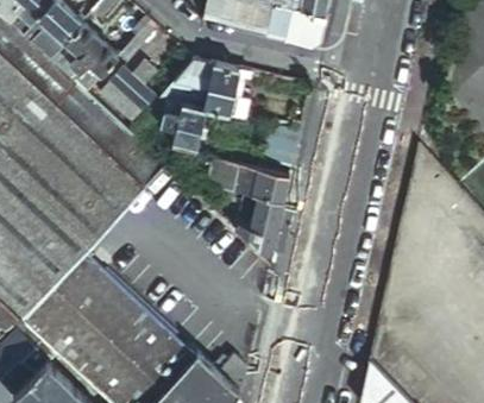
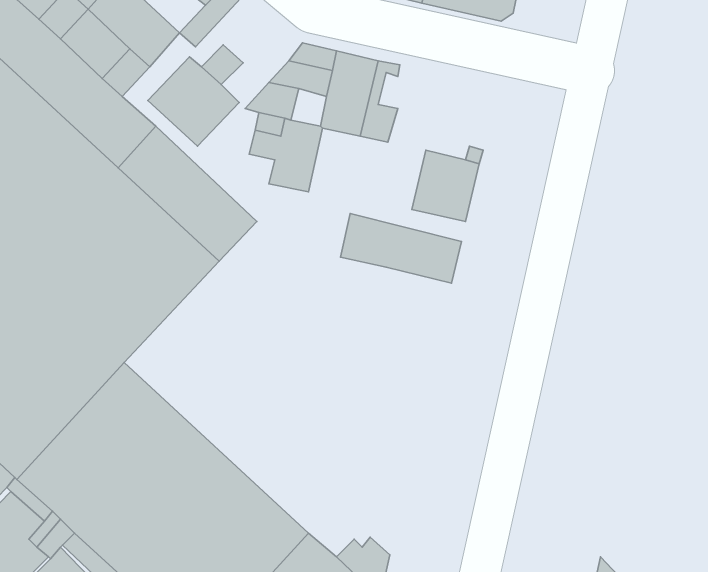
building: [235,193,282,260] -> none

